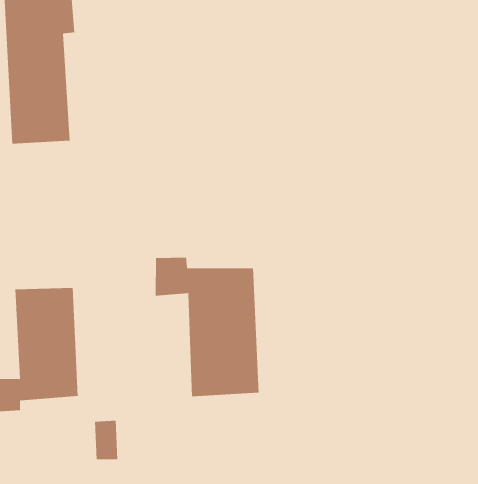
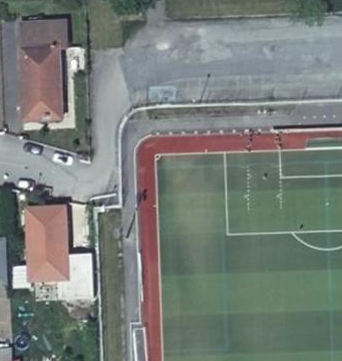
building: [155,257,259,397] -> none

